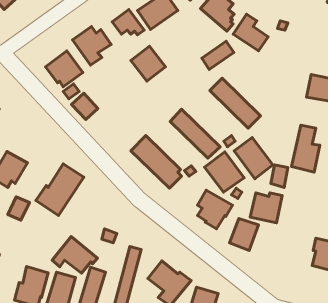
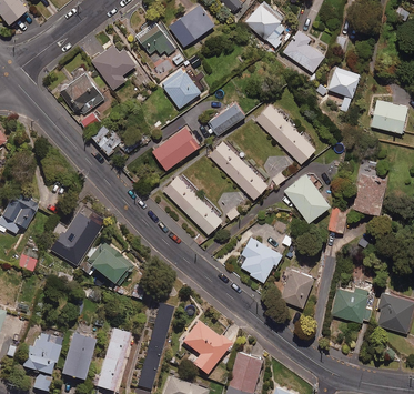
building: [202,41,234,69] -> [209,101,246,134]
building: none -> [326,67,359,111]
building: none -> [152,124,201,170]
building: [205,152,244,192] -> none
building: [250,193,282,223] -> [330,286,367,322]
building: [52,237,97,273] -> [80,240,133,283]

